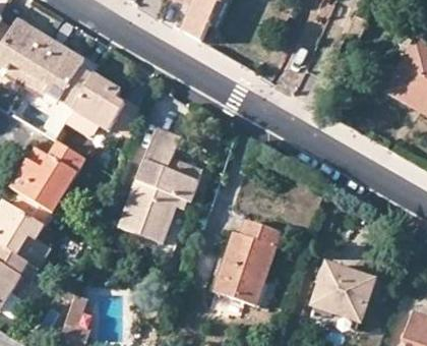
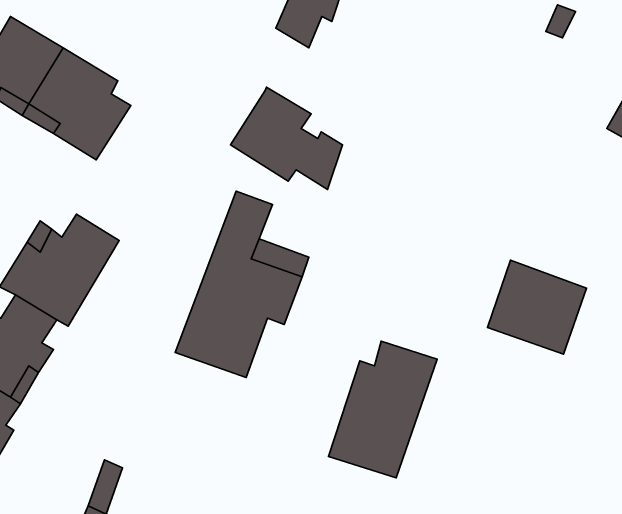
building: [70,73,139,136] -> [230,87,342,189]
building: [312,264,373,322] -> [488,260,586,354]

